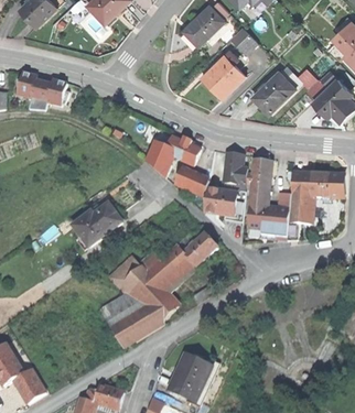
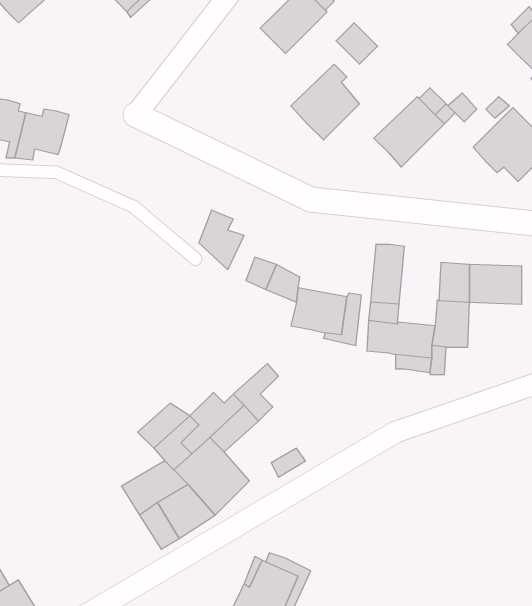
building: [163,137,198,165] -> none
building: [223,154,243,185] -> none
building: [71,203,120,247] -> none
building: [183,233,216,267] -> none

